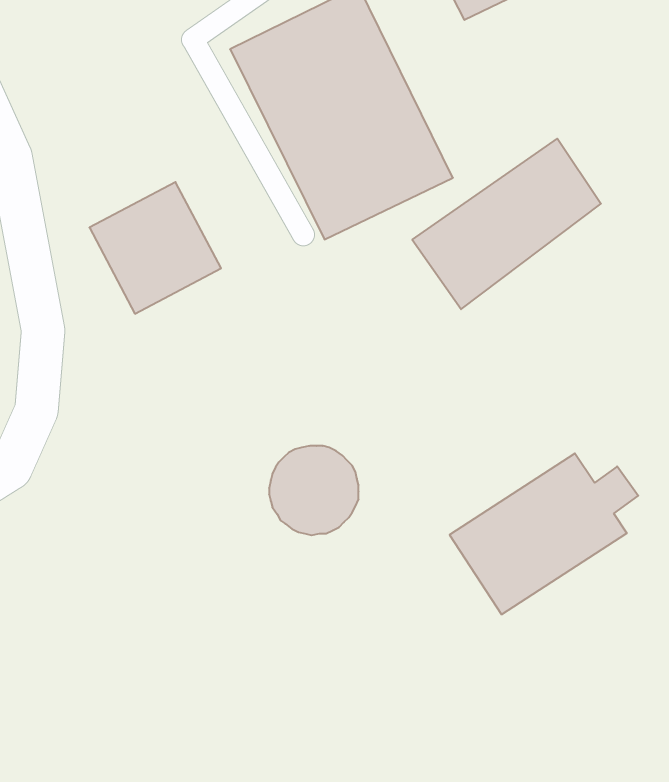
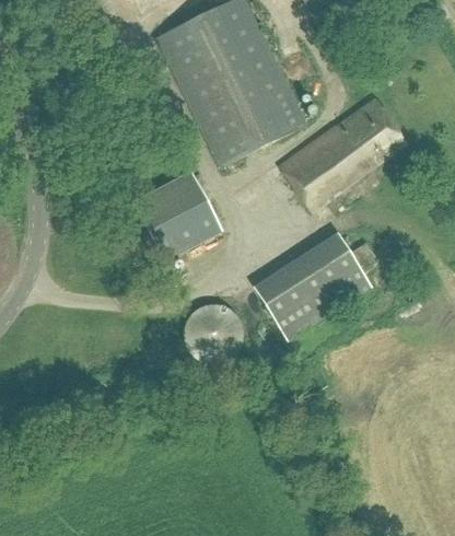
building: [89,182,221,314] -> [132,172,221,260]
building: [450,453,638,614] -> [253,232,380,340]

